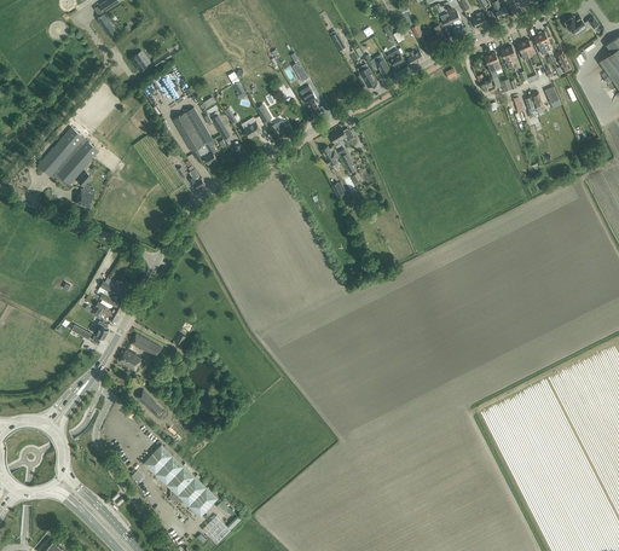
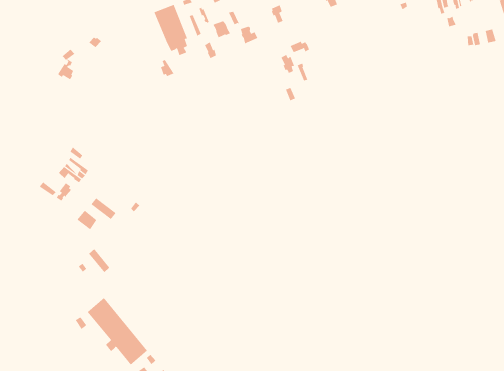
building: [39,127,99,184] -> none

